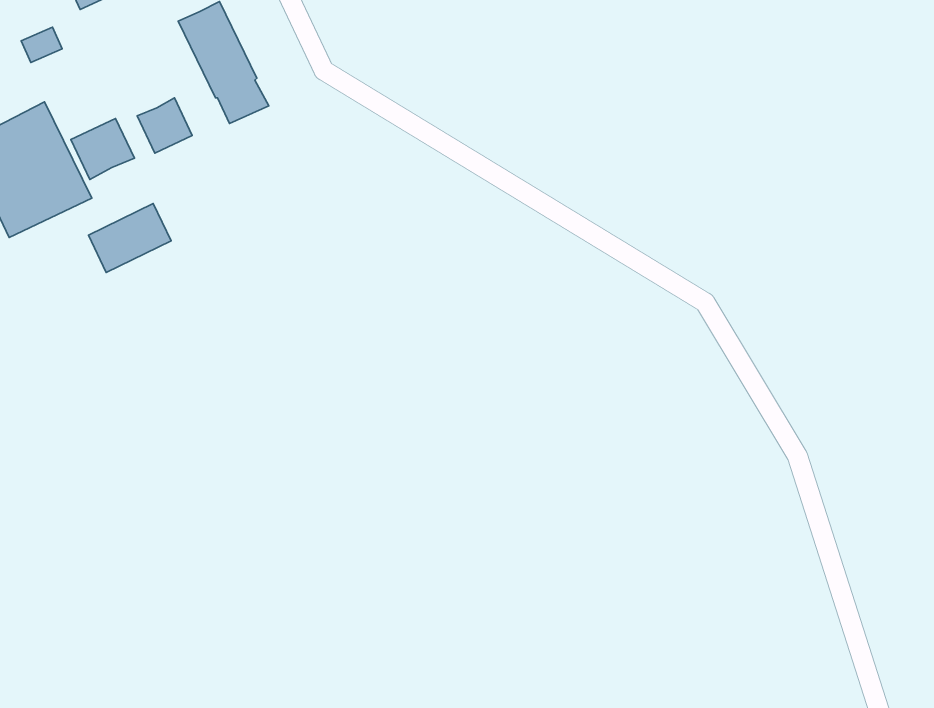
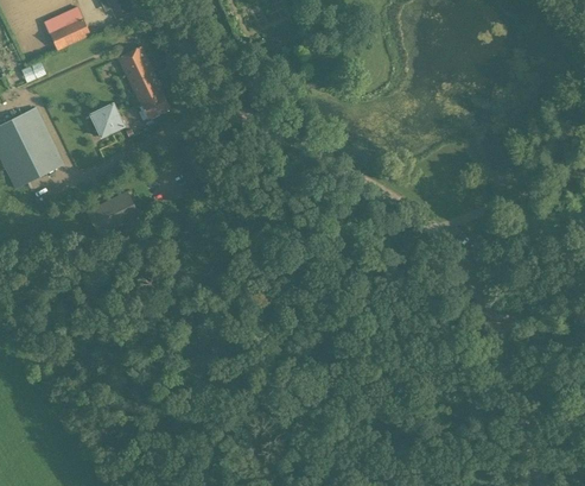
building: [71,118,134,179] -> none
building: [88,204,171,272] -> [88,192,138,234]

